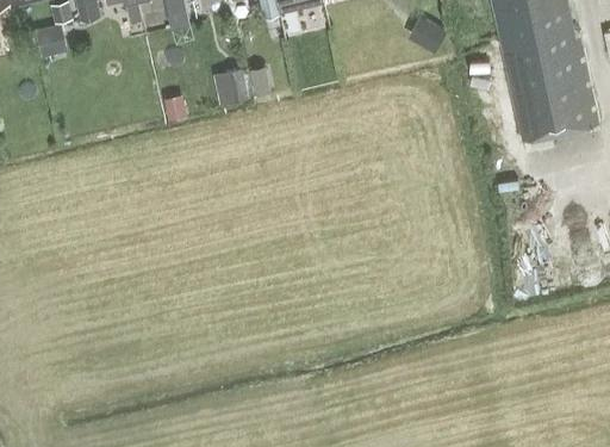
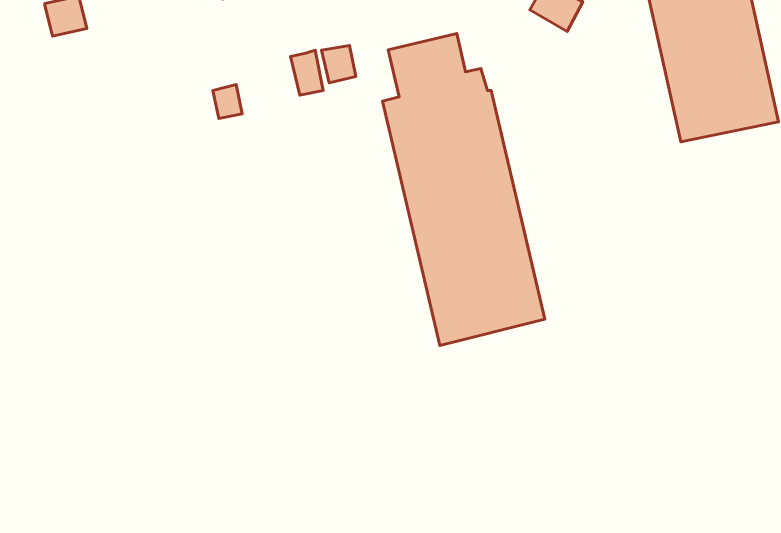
building: none -> [382,33,545,345]

